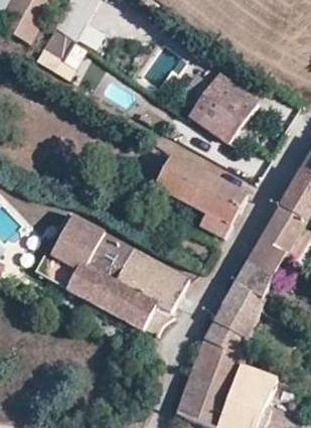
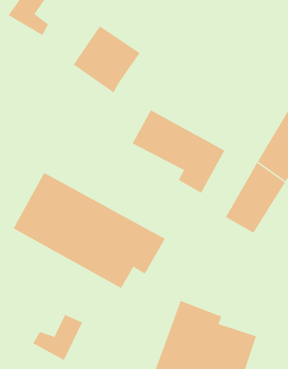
building: [191,77,258,143] -> [73,26,140,93]
building: [203,257,276,354] -> none
building: none -> [33,314,83,361]

